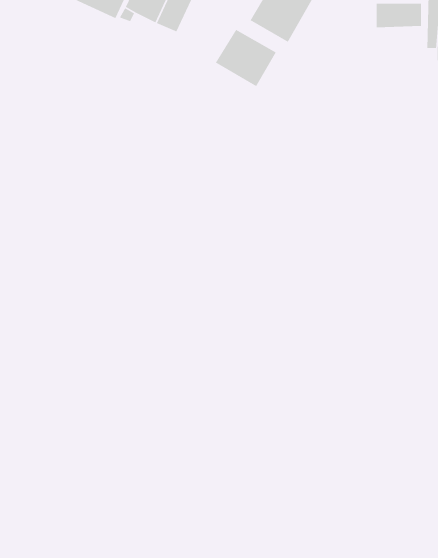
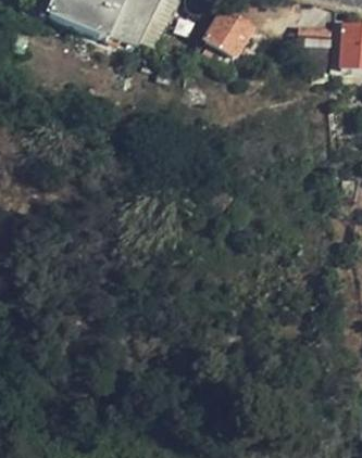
building: [215,29,277,87] -> none

